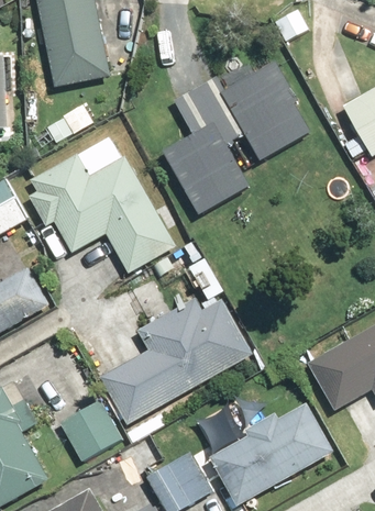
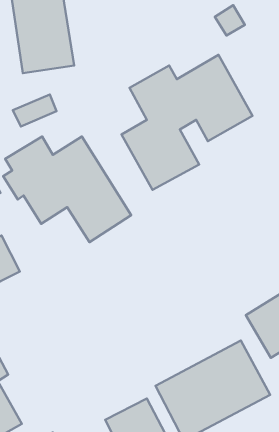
building: [103,302,252,422] -> none
building: [59,401,120,459] -> none

